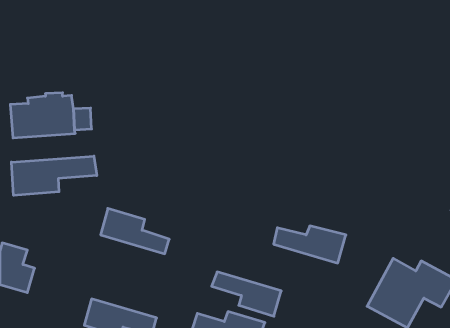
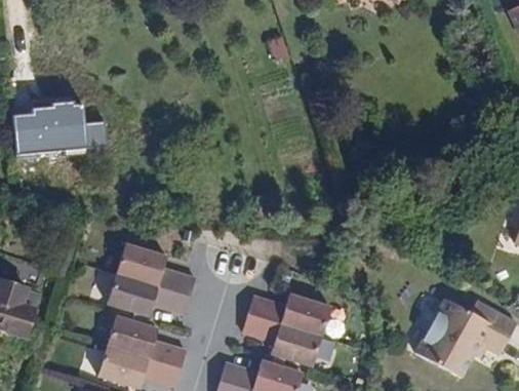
building: [11,156,97,195] -> none
building: [274,226,346,263] -> [247,292,329,335]
building: none -> [106,271,188,312]
building: none -> [105,315,184,365]

